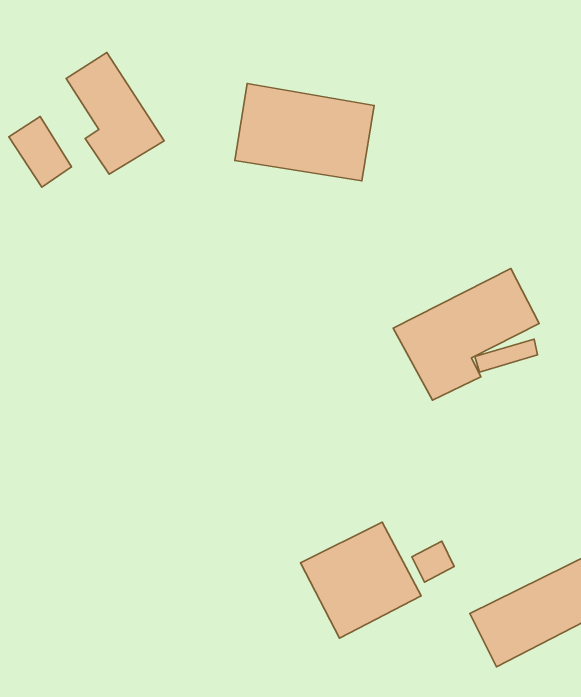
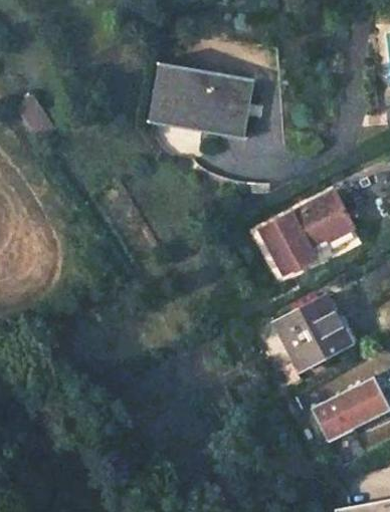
building: [66,53,164,174] -> none
building: [300,522,421,638] -> [273,296,351,370]

